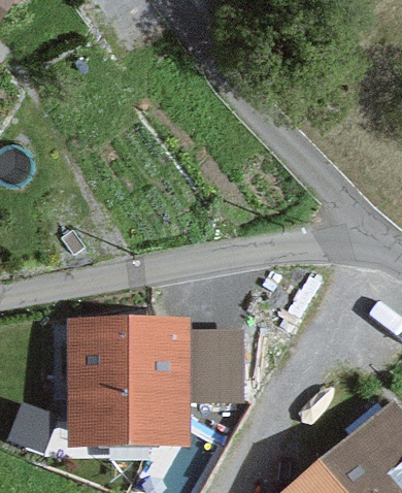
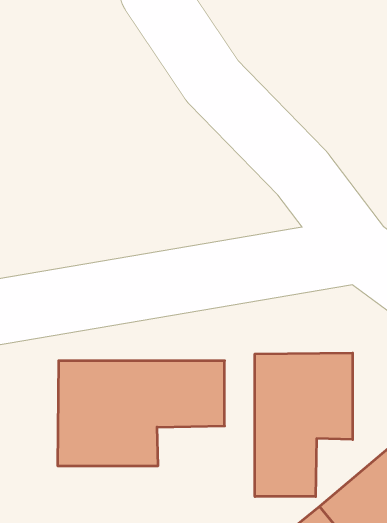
building: none -> [255,353,353,497]

